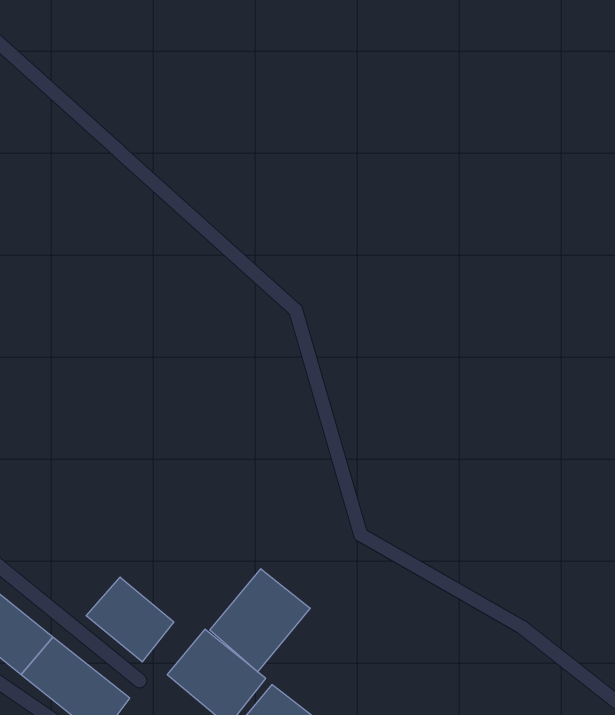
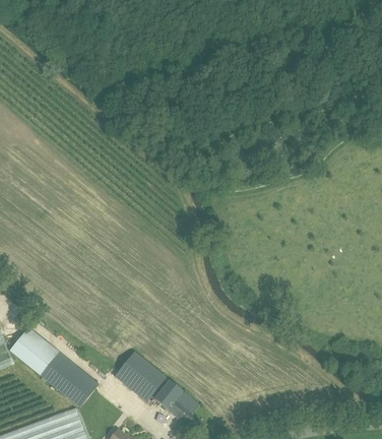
building: [210,569,310,672] -> none
building: [86,577,174,662] -> none

